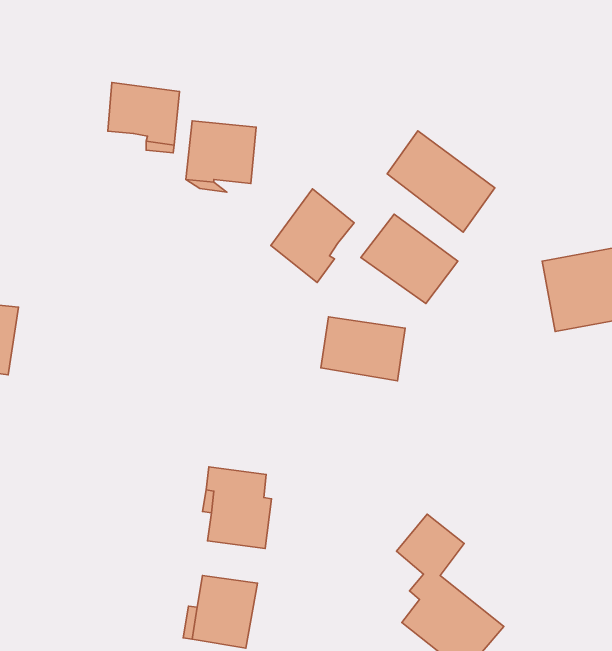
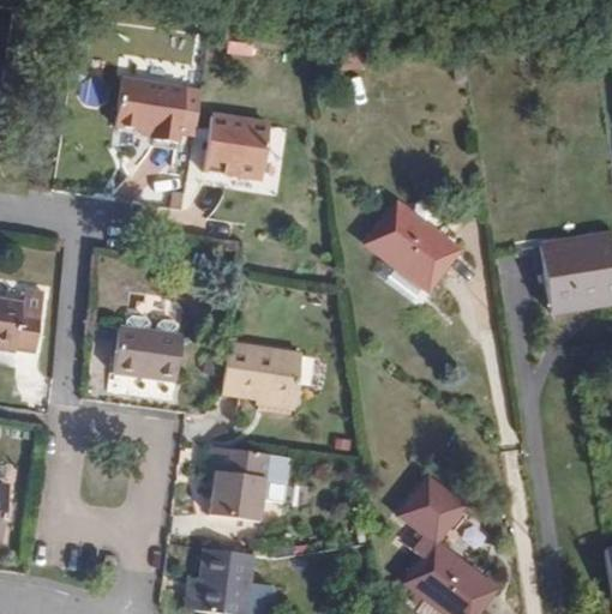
building: [387,131,495,232] -> none
building: [271,189,354,282] -> none
building: [321,317,405,381] -> [218,348,298,408]
building: none -> [108,326,178,381]

